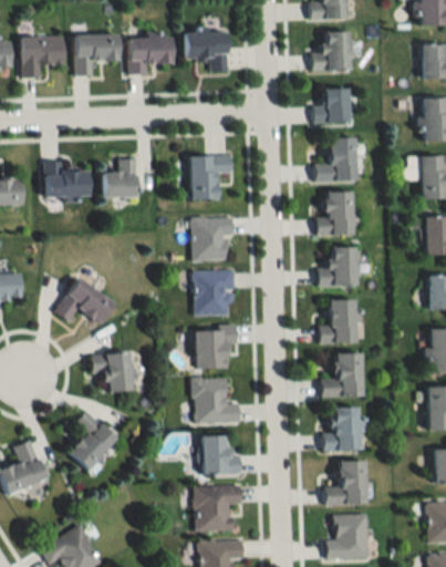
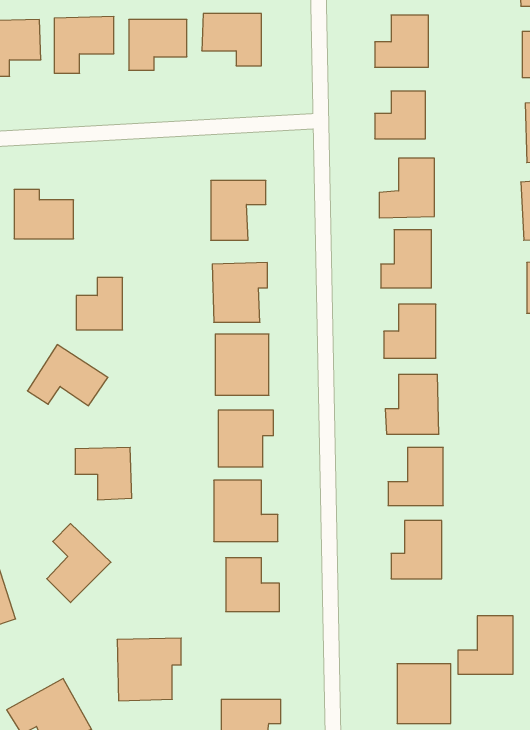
building: [103,158,137,197] -> [76,278,123,330]
building: [325,462,366,505] -> [458,616,513,674]
building: [194,485,241,532] -> [117,638,181,701]

